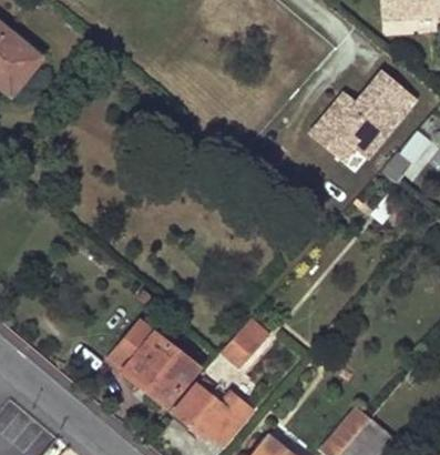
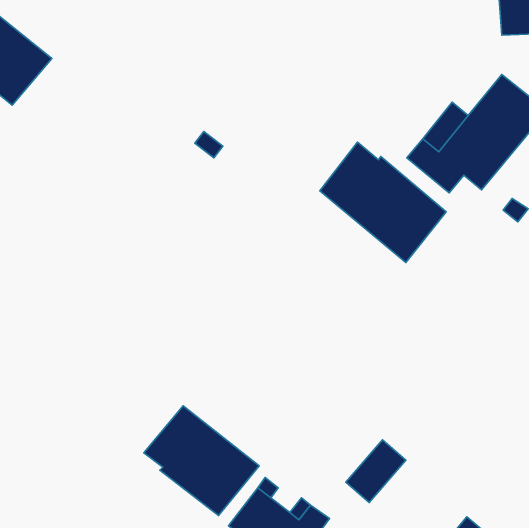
building: none -> [320,142,446,263]
building: [222,320,267,367] -> [346,440,406,503]

